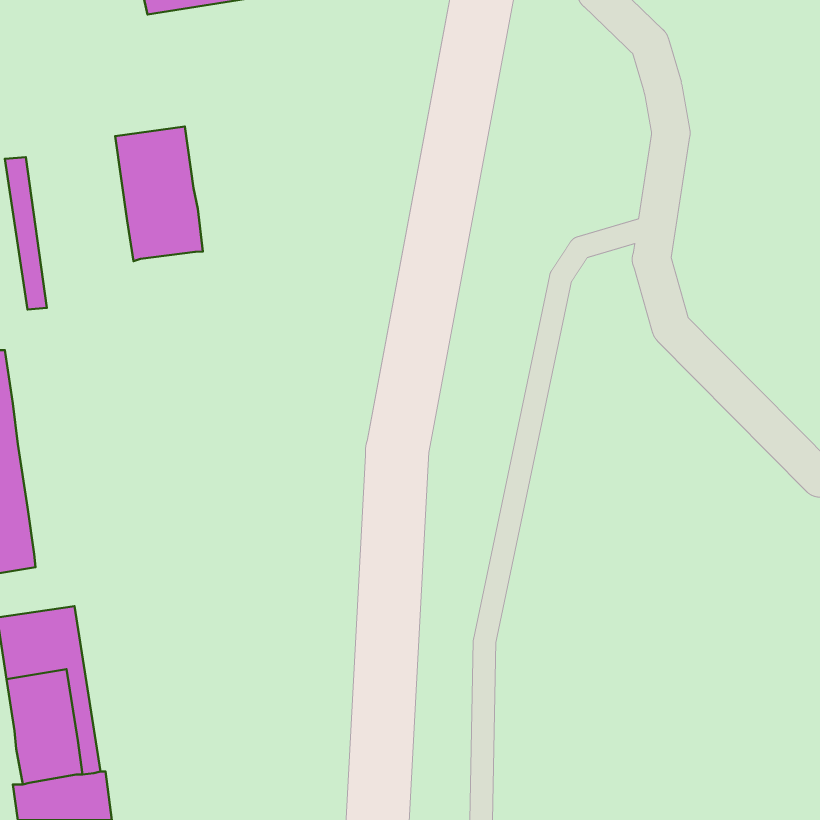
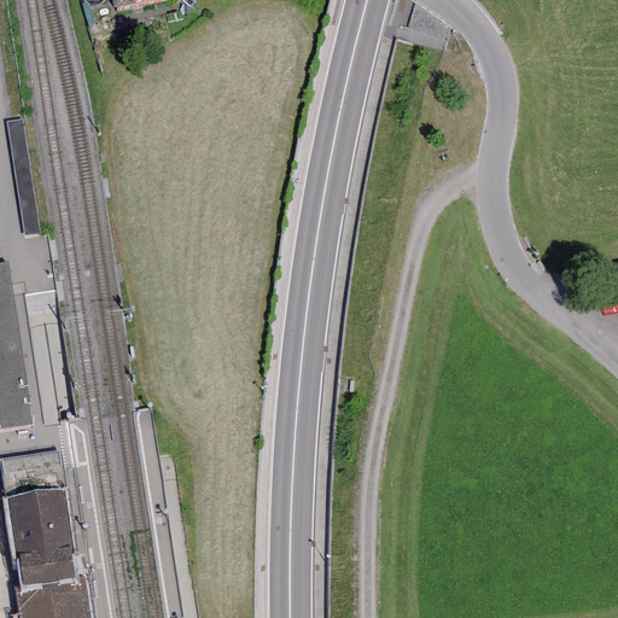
building: [115,127,203,261] -> none

